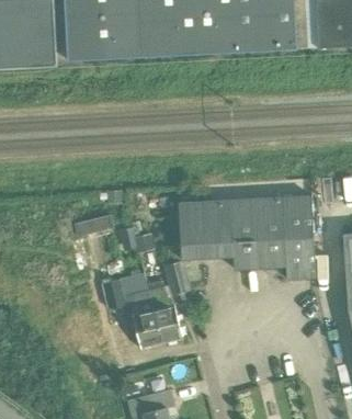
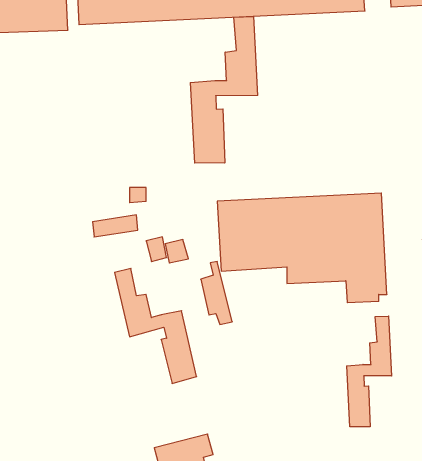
building: none -> [190,17,258,163]
building: [149,286,183,343] -> none
building: none -> [347,316,392,427]

